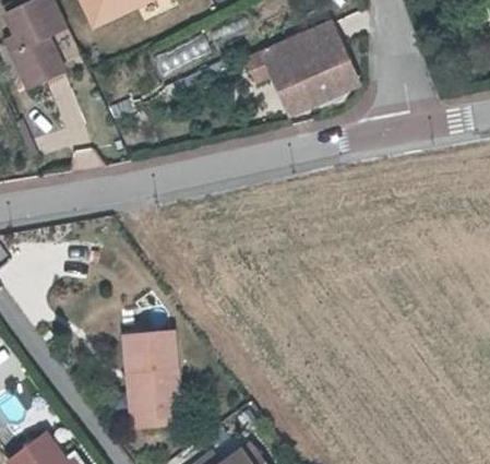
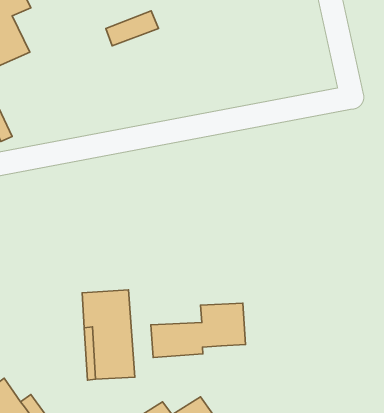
building: [265,31,356,114] -> none
building: none -> [151,303,246,358]

